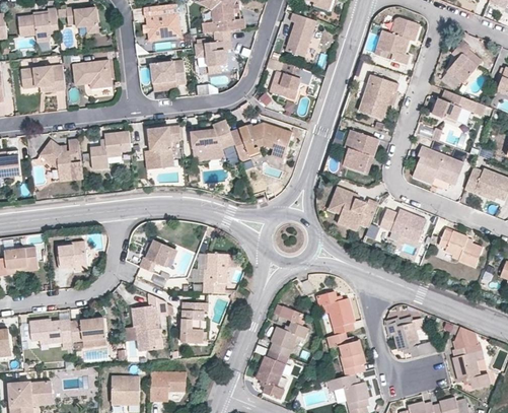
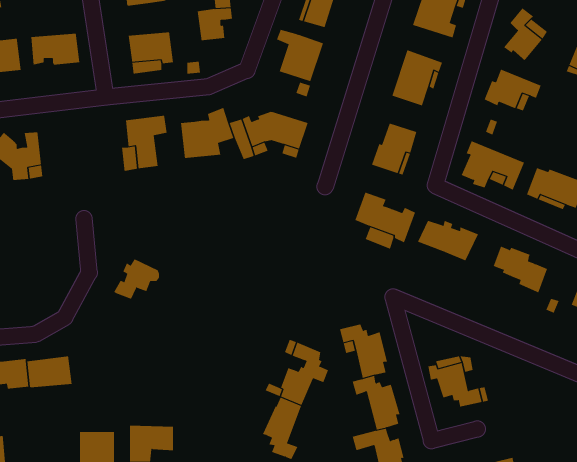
building: [89,131,131,169] -> none
building: [55,240,87,269] -> none
building: [202,254,226,294] -> none
building: [131,293,167,351] -> none
building: [180,301,207,343] -> none
building: [452,326,490,389] -> none

